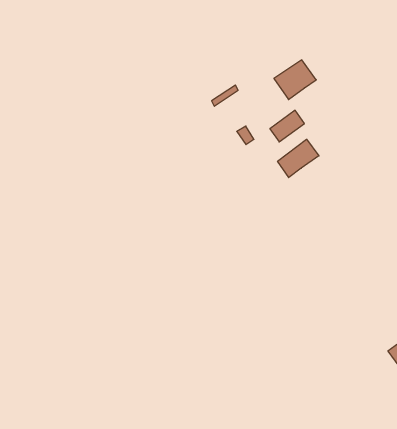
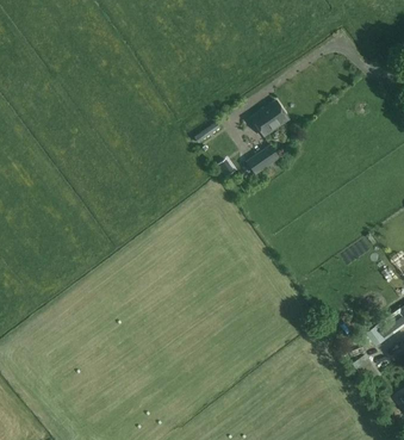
building: [278,139,319,178] -> none

